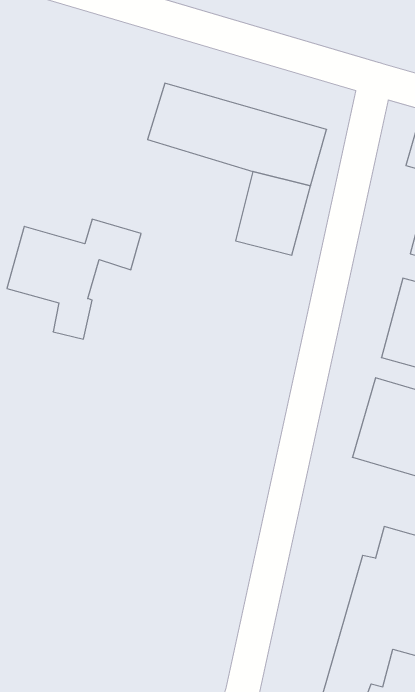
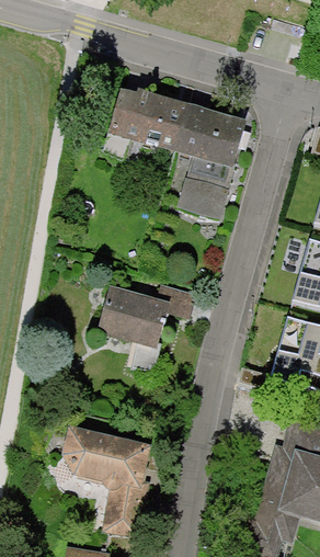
building: [7,219,141,339] -> [95,284,197,375]
building: none -> [60,423,159,538]

